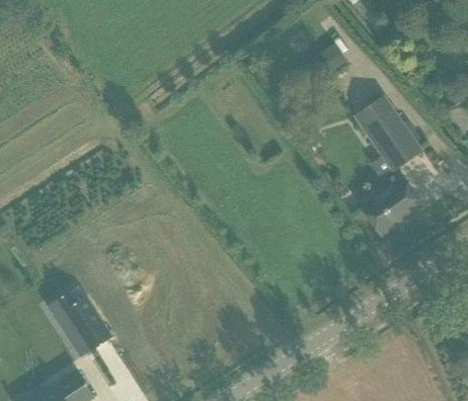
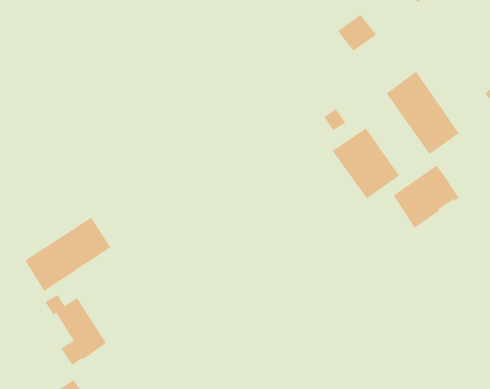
building: none -> [332,127,400,199]
building: none -> [25,217,111,292]

